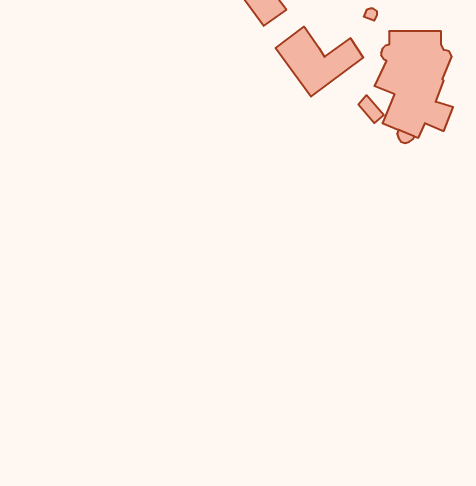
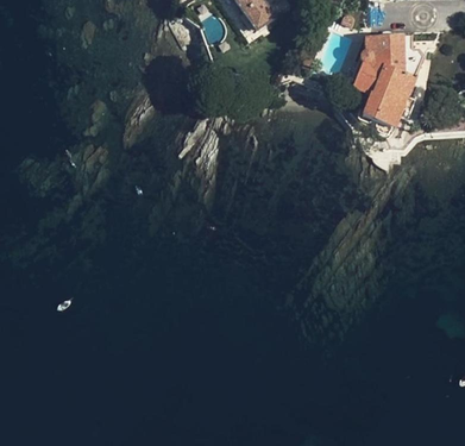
building: [276,27,363,97] -> none

